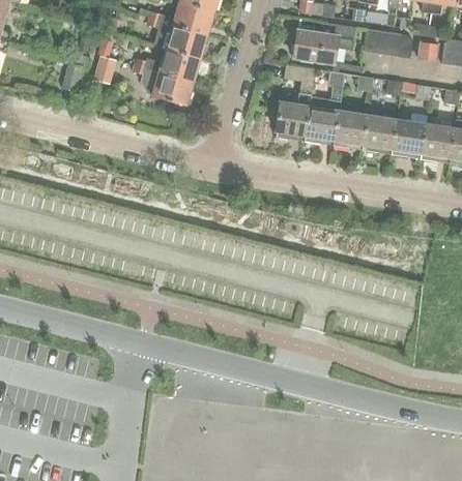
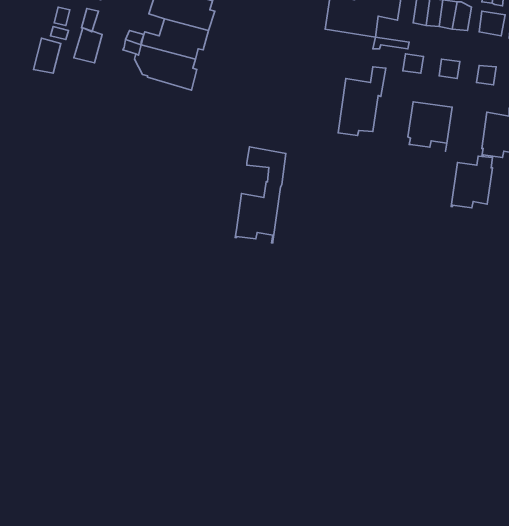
building: [275,63,315,140] -> [235,147,286,243]
building: [333,109,365,146] -> none
building: [391,113,424,154] -> [451,156,493,208]

